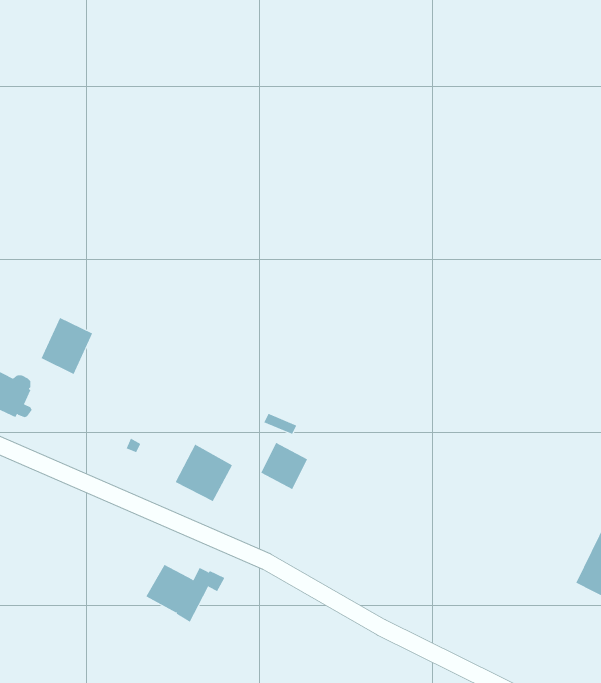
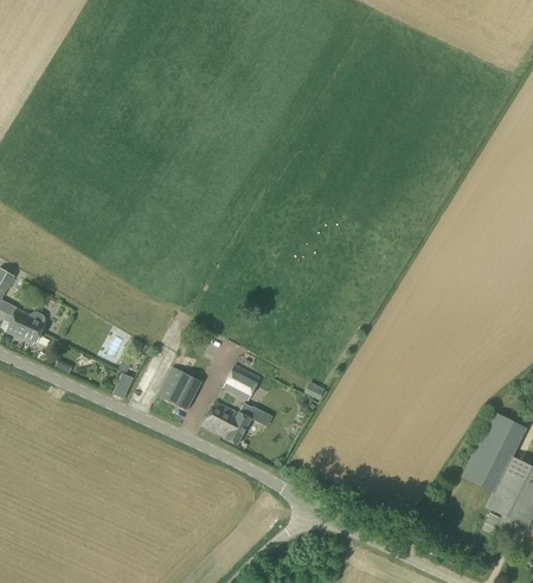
building: [41,317,93,375] -> none
building: [146,564,225,622] -> [201,401,263,446]

